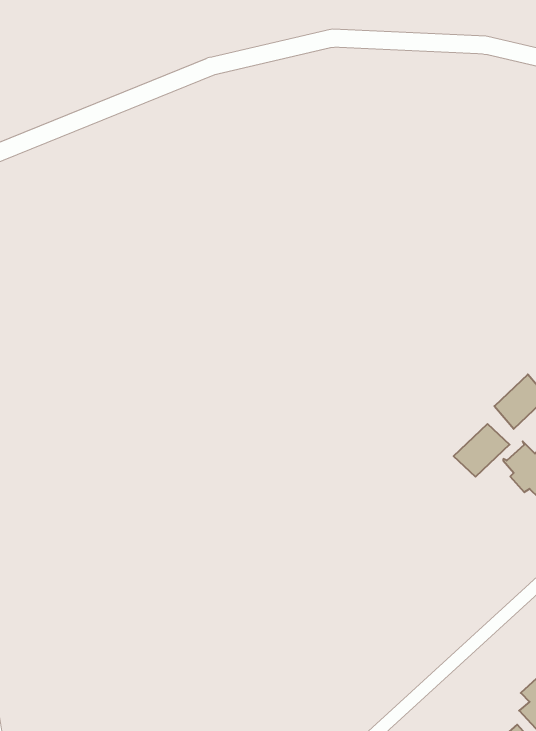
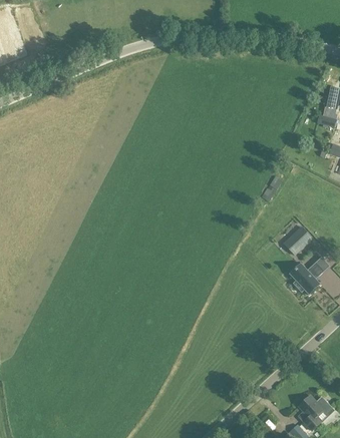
building: [454,424,510,477] -> none

